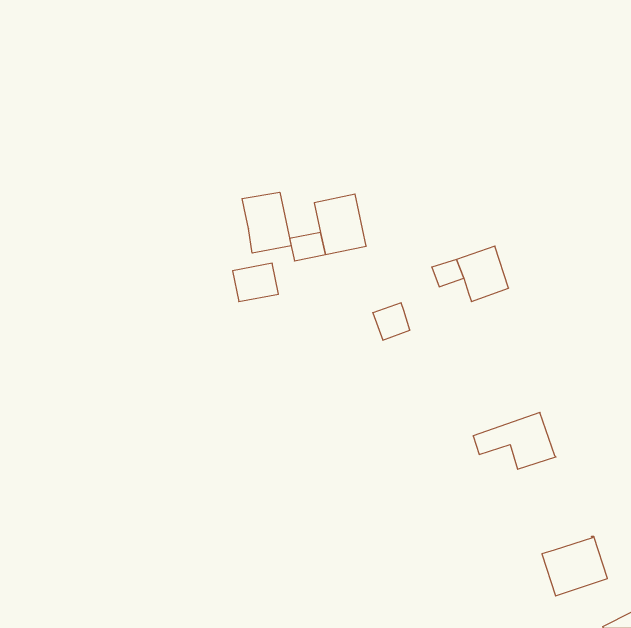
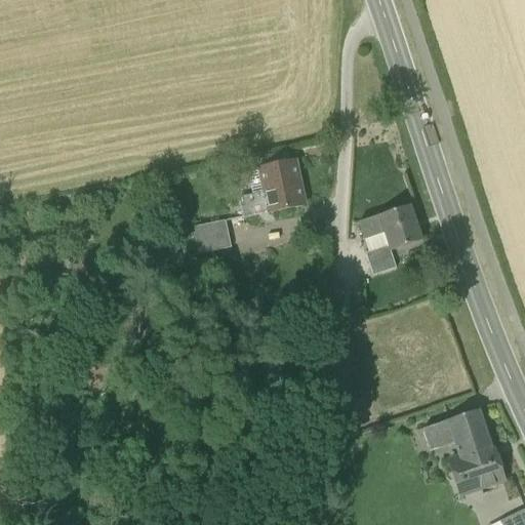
building: [242,192,291,253] -> none
building: [373,303,410,340] -> [366,244,397,275]
building: [473,412,556,469] -> [423,409,492,456]

